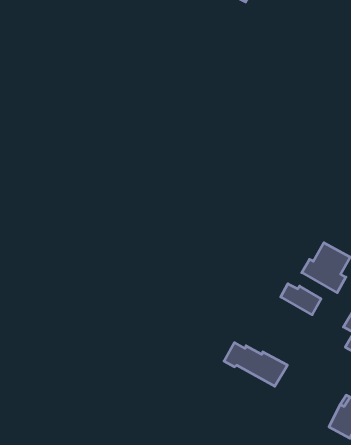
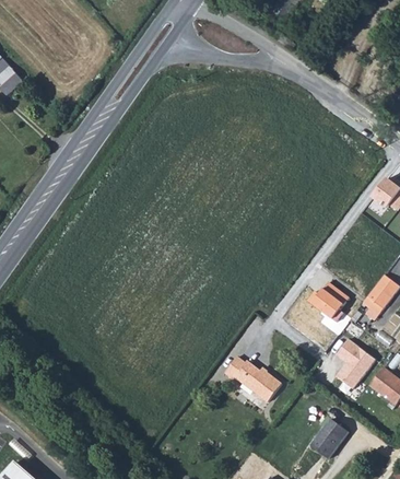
building: [281,284,321,315] -> none

